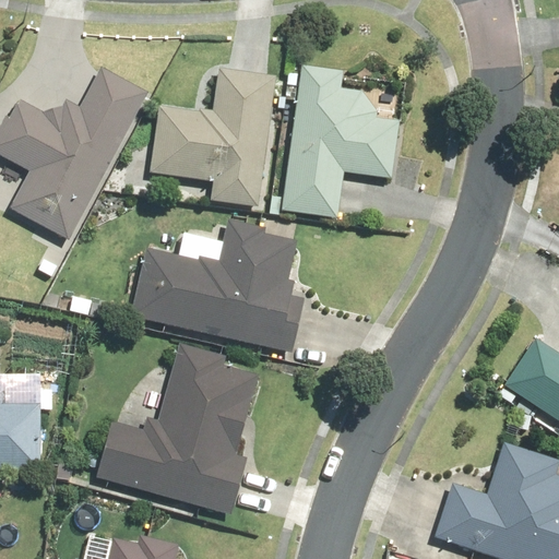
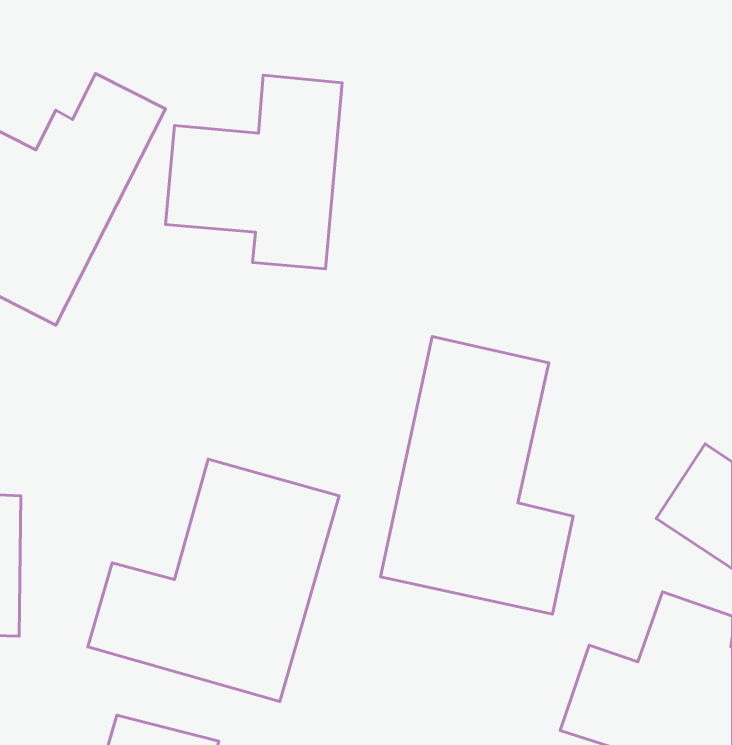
building: [281,64,401,218] -> none
building: [128,225,310,353] -> none
building: none -> [381,336,573,614]

